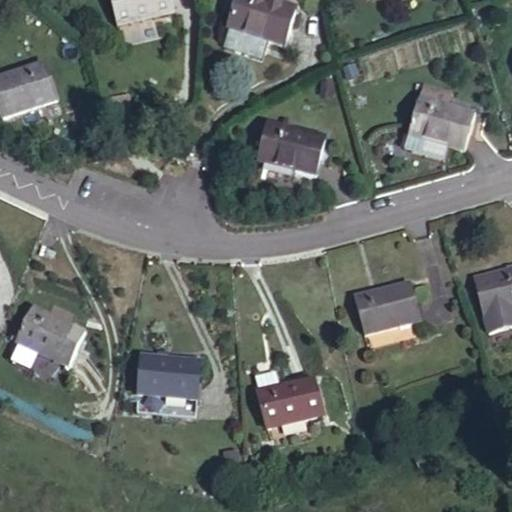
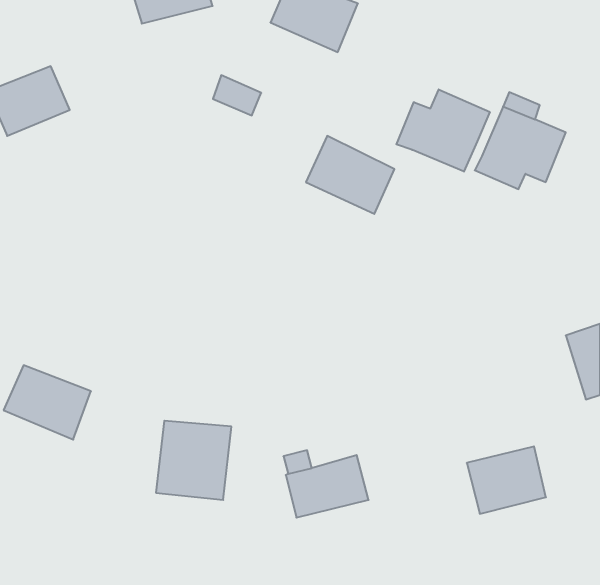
building: [222,19,263,53] -> [213,75,261,115]
building: none -> [396,89,490,172]
building: [354,287,421,344] -> [467,446,546,514]

